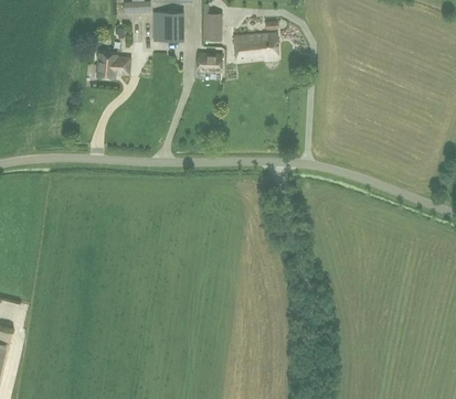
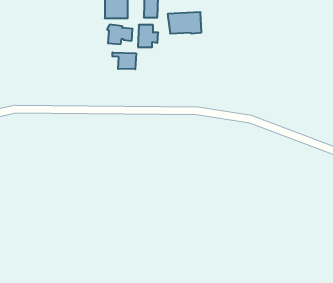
building: [96,53,129,78] -> [107,25,133,44]
building: none -> [112,52,136,69]

